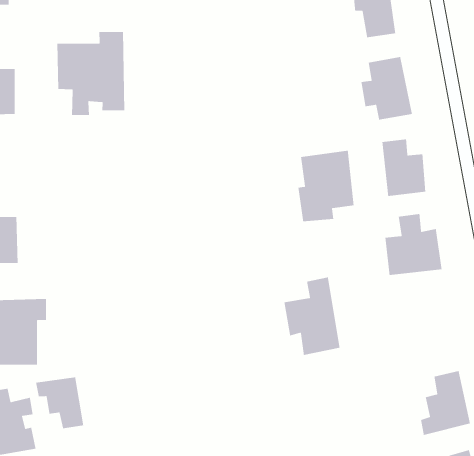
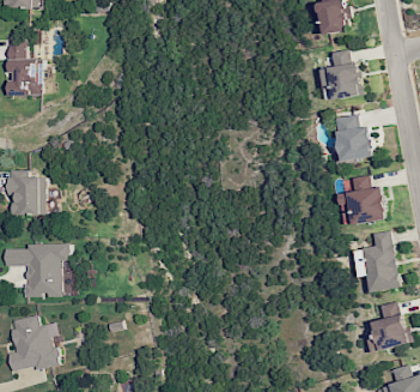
building: [57,31,125,116] -> none
building: [298,150,354,222] -> none
building: [284,277,340,356] -> [353,229,398,293]
building: [35,377,84,429] -> none

